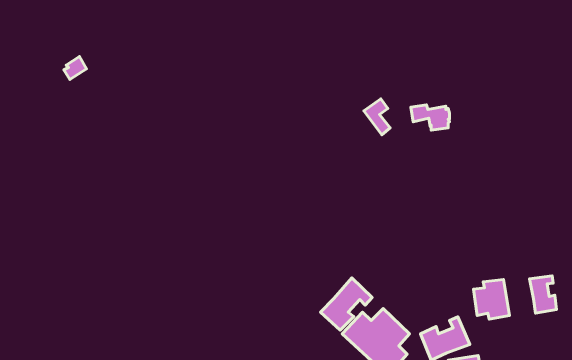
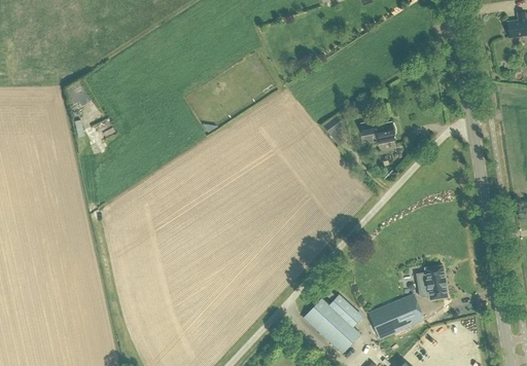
building: [530,276,557,313] -> none
building: [320,278,372,330] -> none

